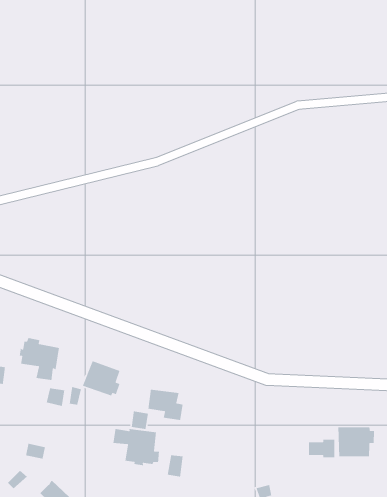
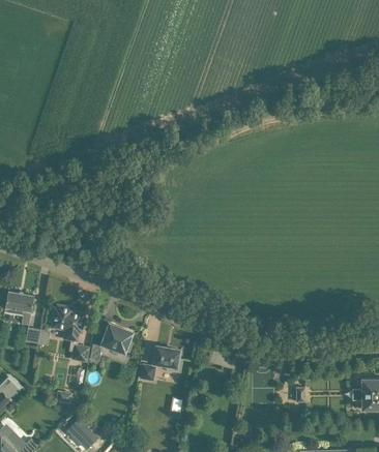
building: [338,426,375,457] -> none
building: [113,428,160,466] -> none

